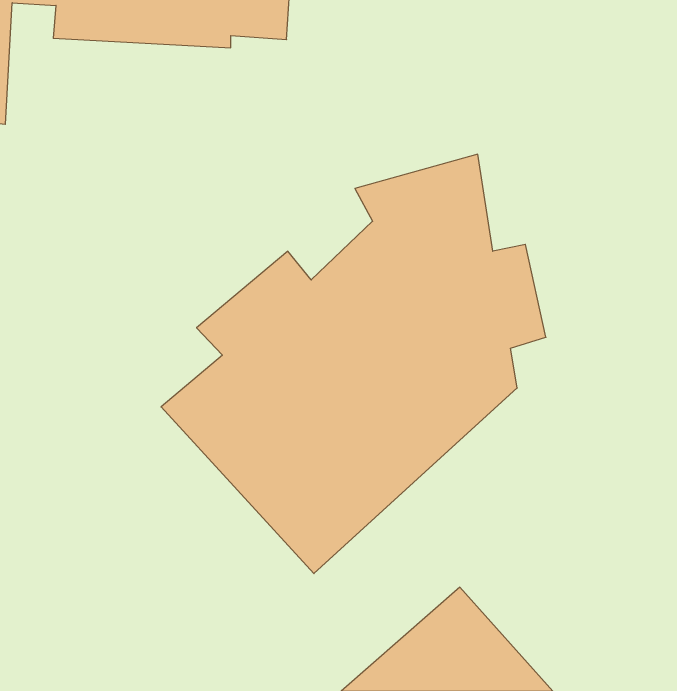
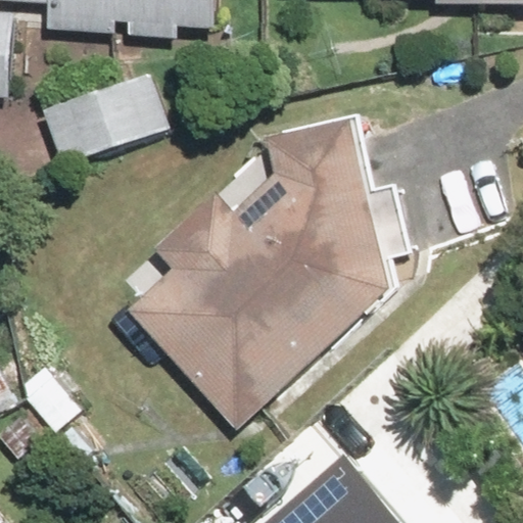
building: none -> [39,75,177,167]

